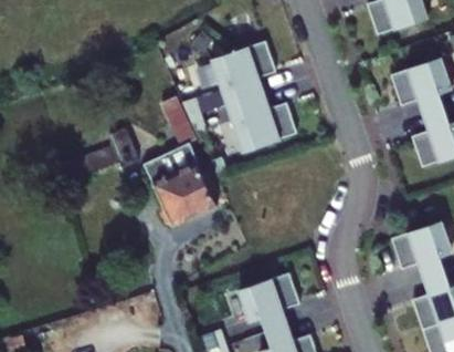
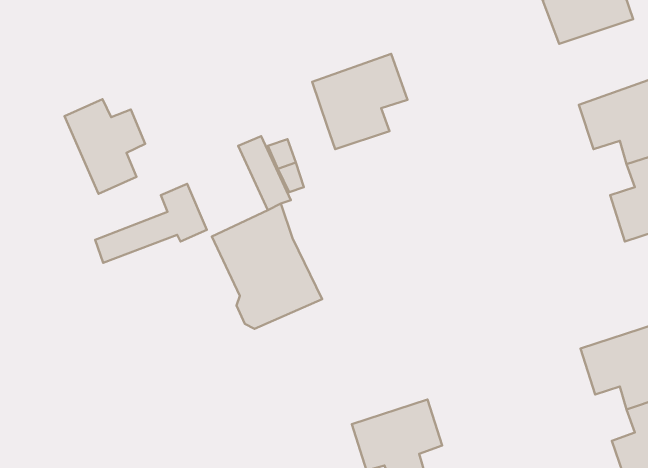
building: none -> [65,99,145,194]
building: [226,92,296,151] -> none

